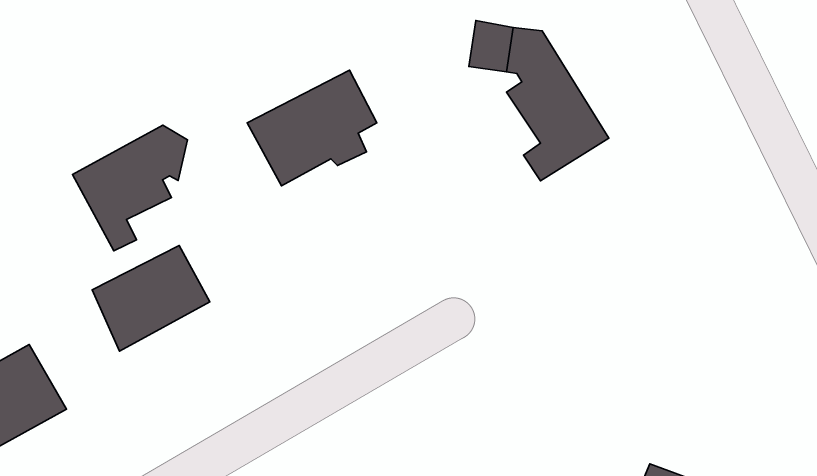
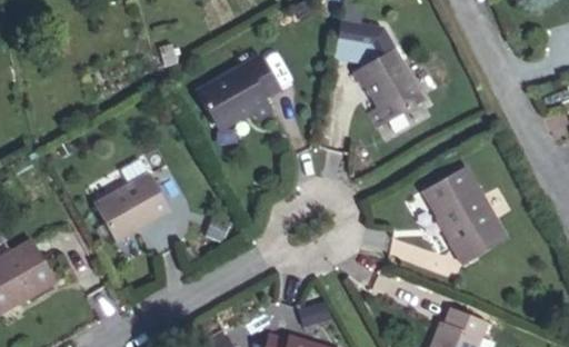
building: [73,125,188,251] -> none
building: none -> [418,162,506,265]

